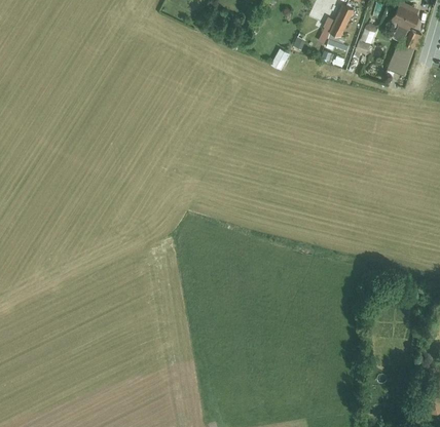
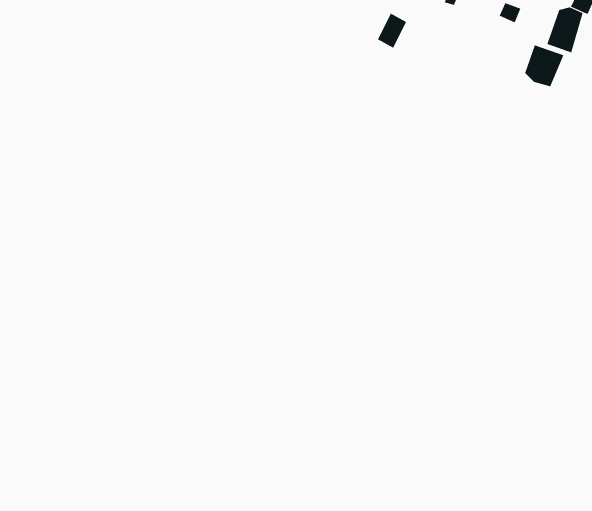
building: none -> [524,44,564,87]

